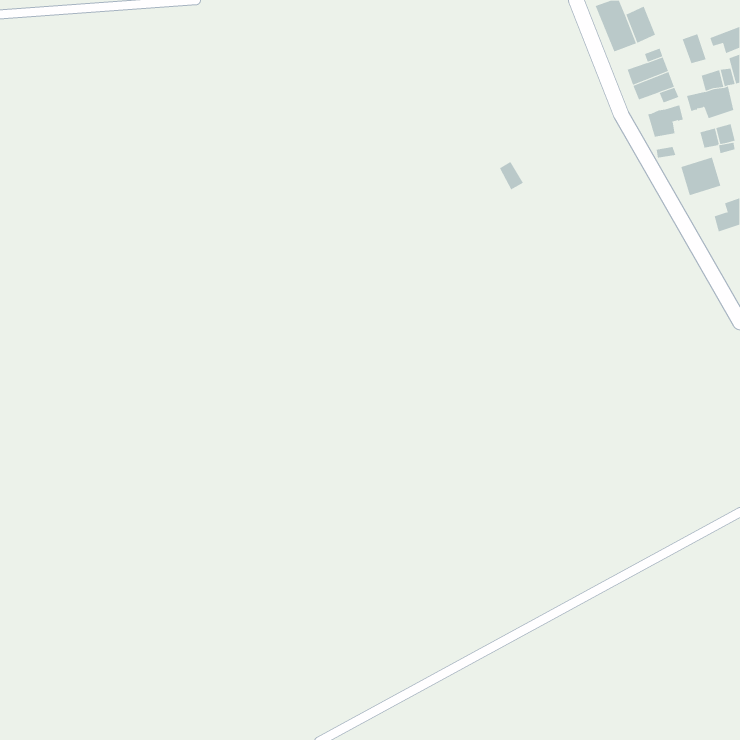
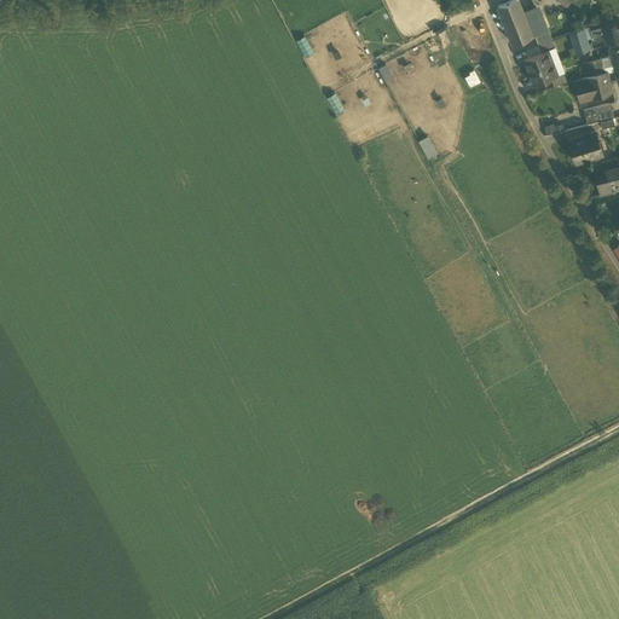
building: [648,104,684,138] -> none

